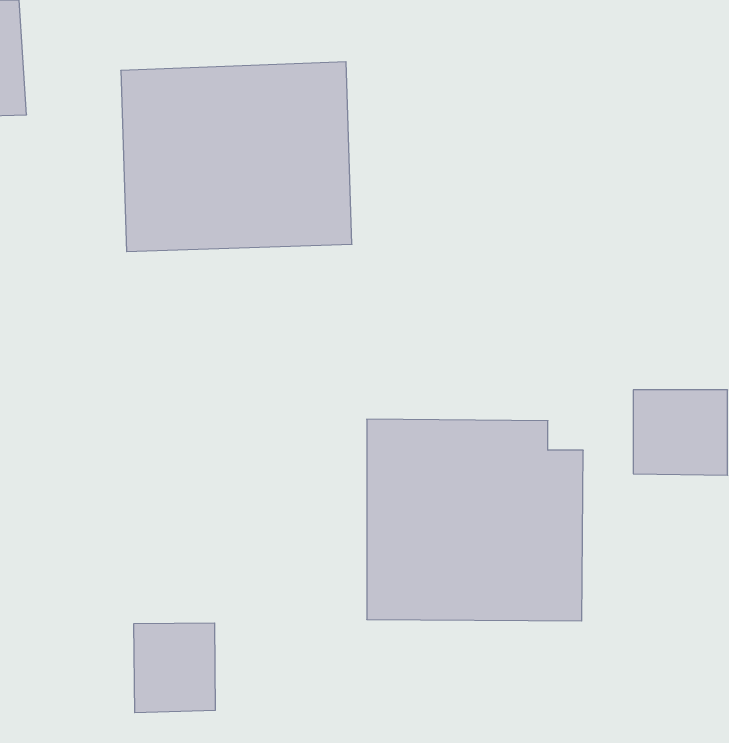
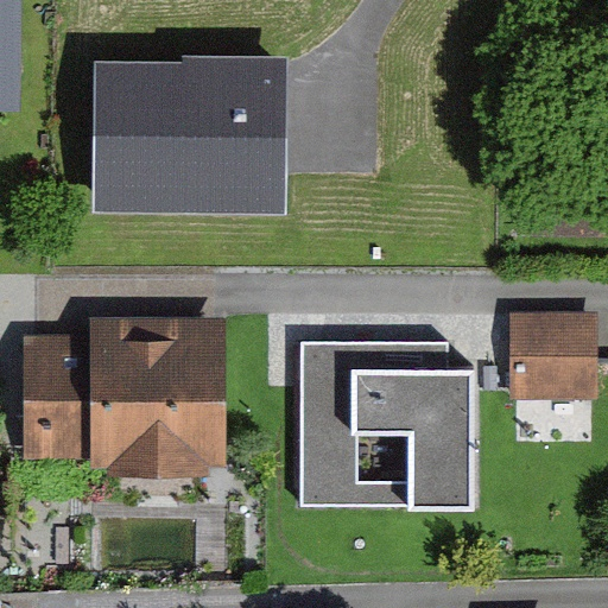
building: none -> [30,327,226,467]
building: [134,623,215,713] -> none

